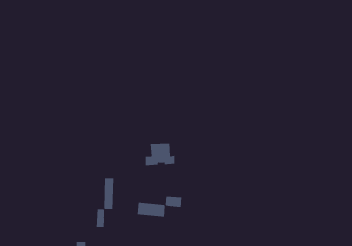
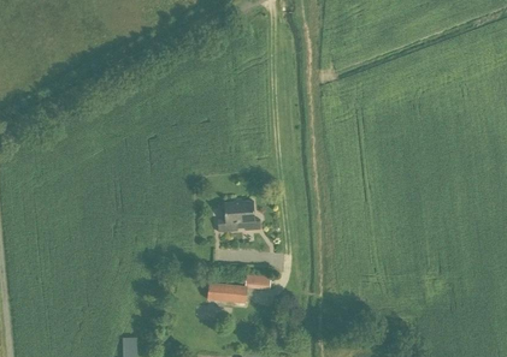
building: [96,177,114,228] -> none

